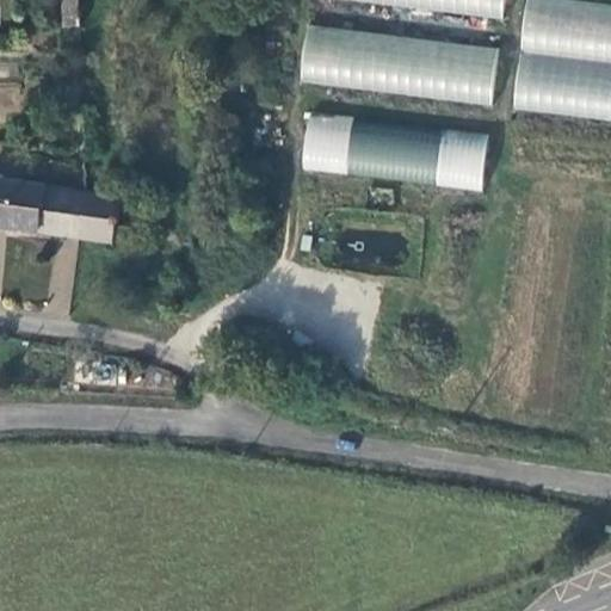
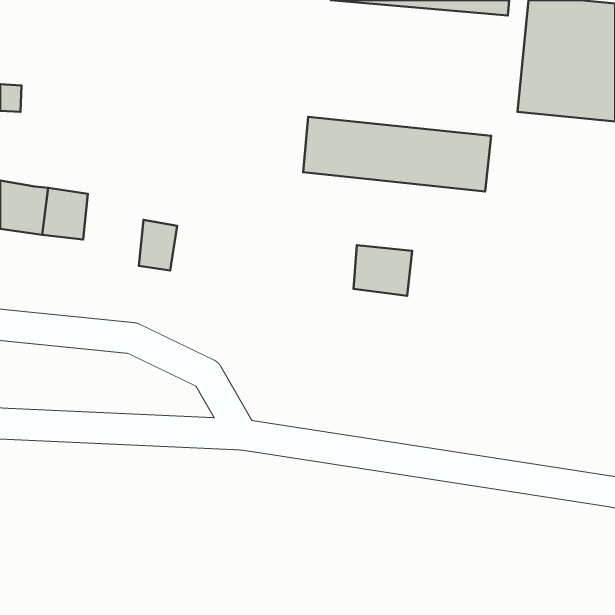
building: [298,25,499,105] -> none
building: [82,192,121,242] -> [139,220,177,270]
building: none -> [353,245,412,296]

